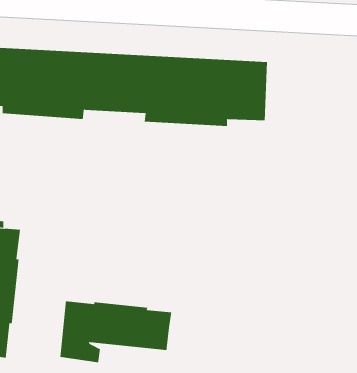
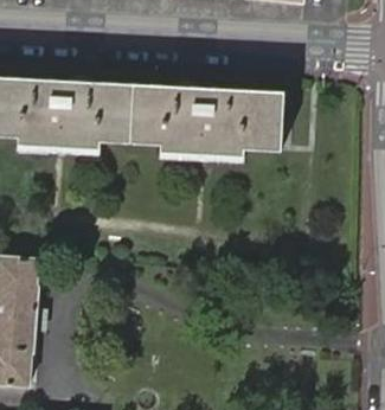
building: [60,300,172,363] -> none

